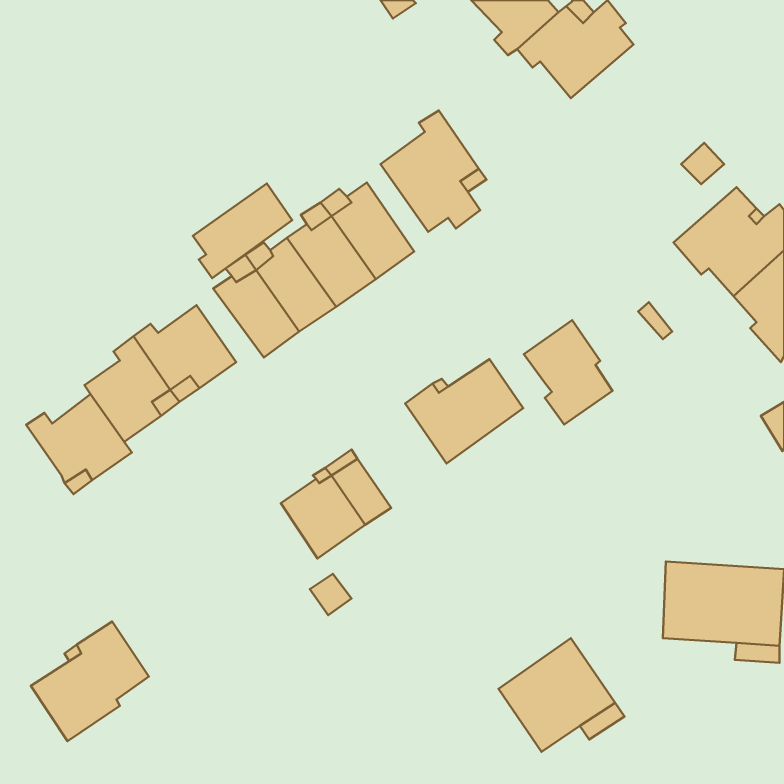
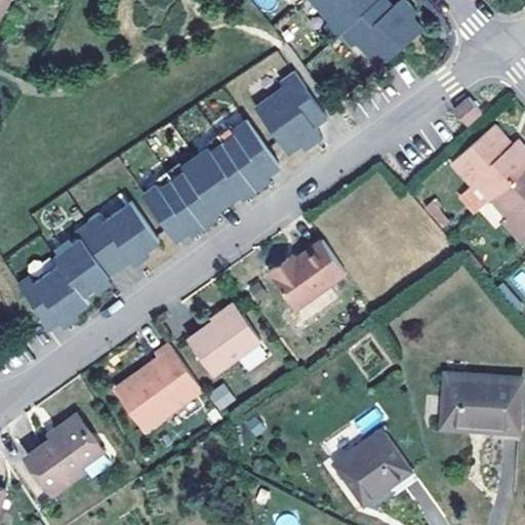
building: [193,183,292,278] -> none
building: [524,320,612,425] -> none
building: none -> [120,344,204,430]

